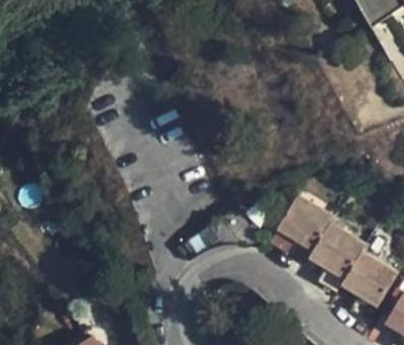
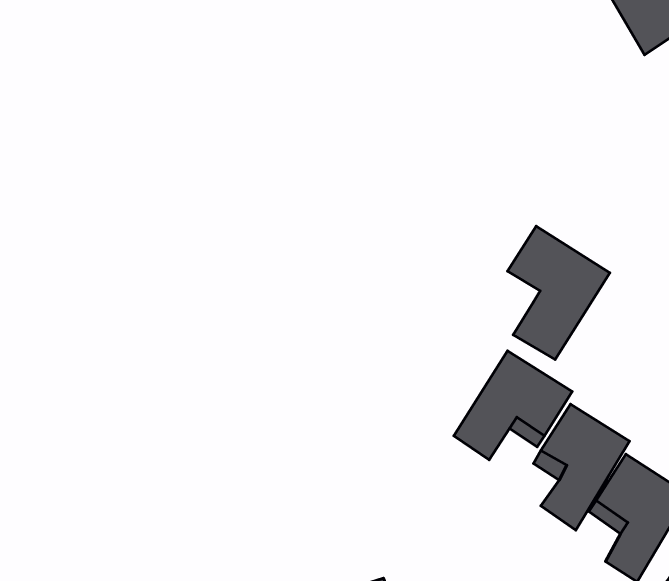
building: none -> [508,226,610,359]

